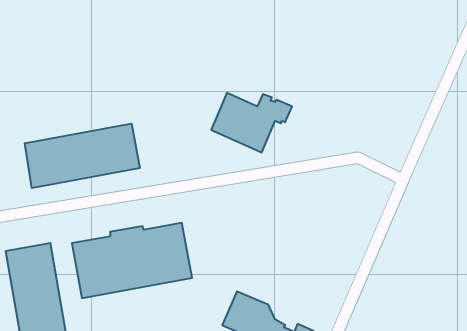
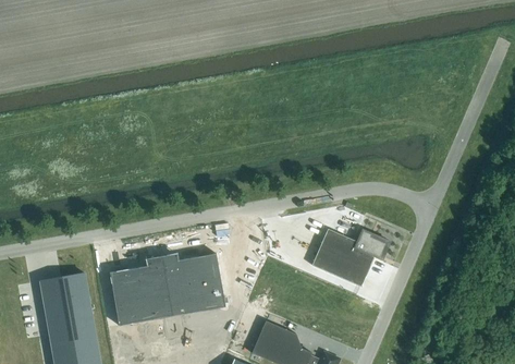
building: [211,93,292,152] -> [311,229,390,287]
building: [25,124,140,188] -> none

